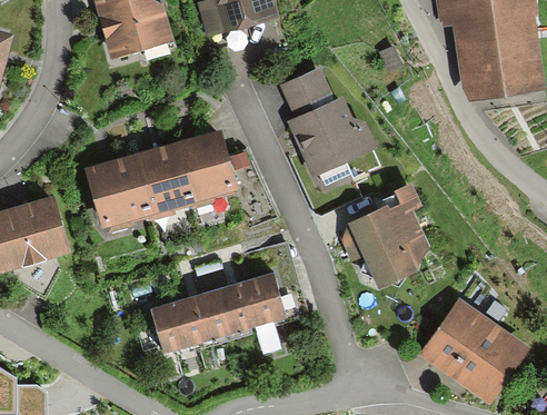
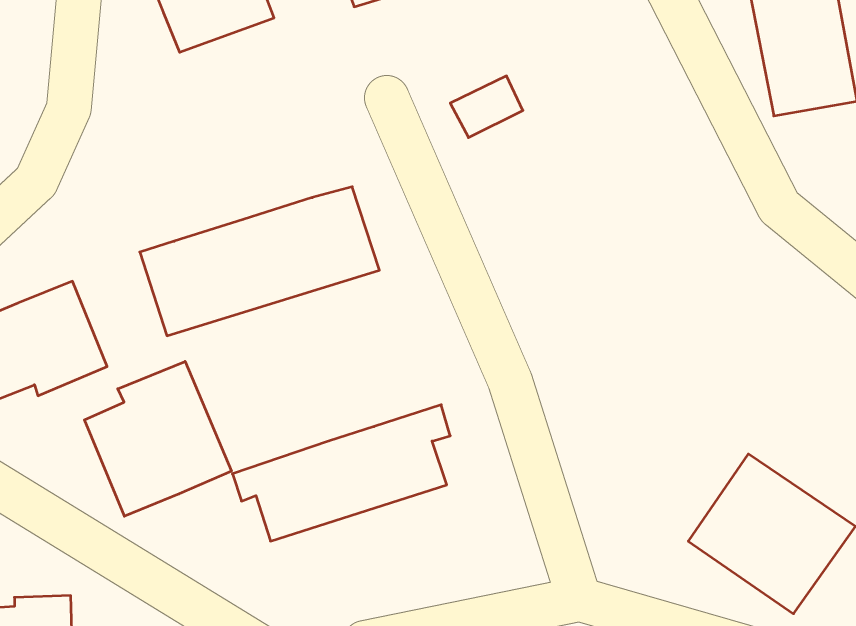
building: [290,100,371,176] -> none
building: [339,187,429,277] -> none
building: none -> [84,361,231,516]

